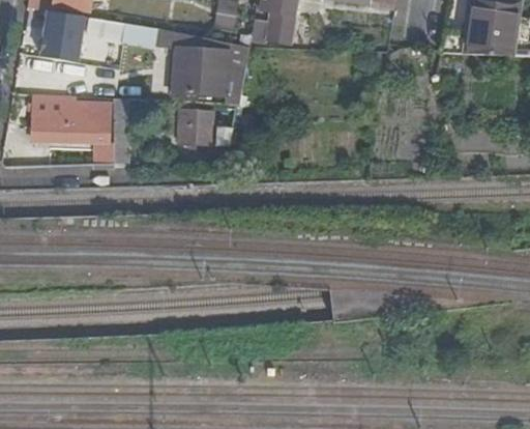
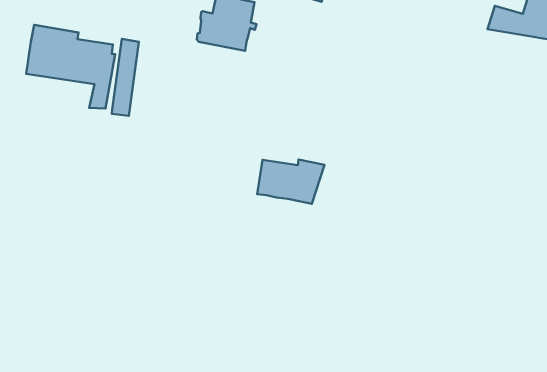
building: [178,107,235,145] -> [257,159,324,204]

